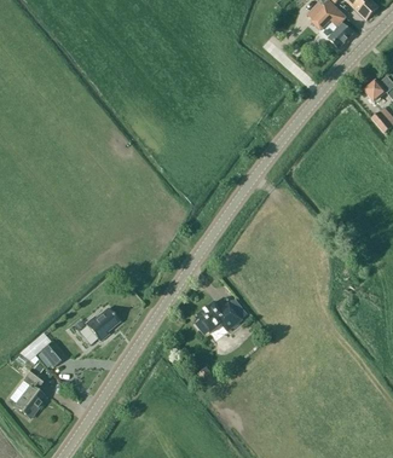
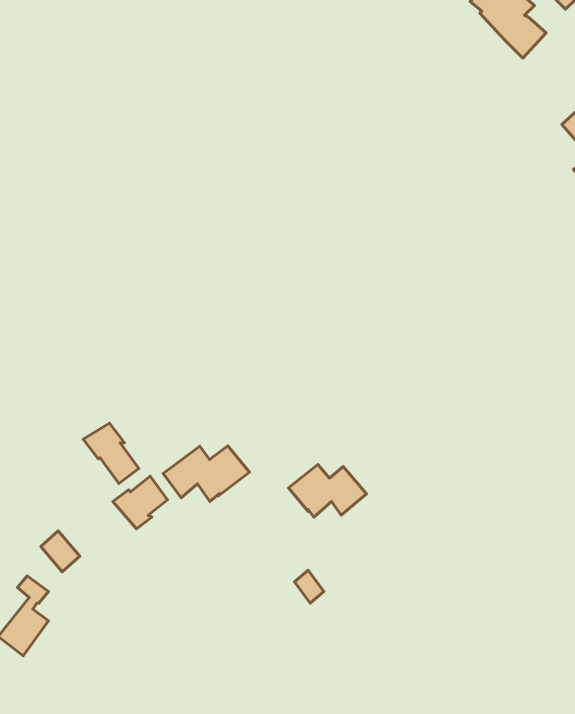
building: none -> [83,423,139,484]
building: none -> [163,446,249,502]

